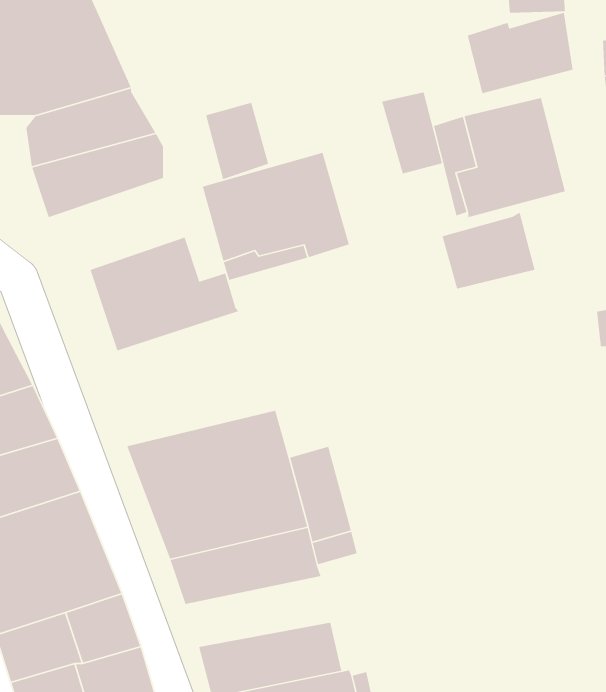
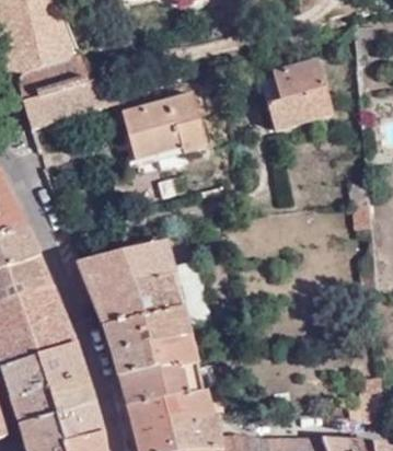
building: [467,12,573,94] -> none
building: [381,91,443,174] -> none
building: [205,102,269,180] -> none
building: [441,211,535,290] -> none
building: [89,237,240,352] -> none
building: none -> [113,336,197,378]

